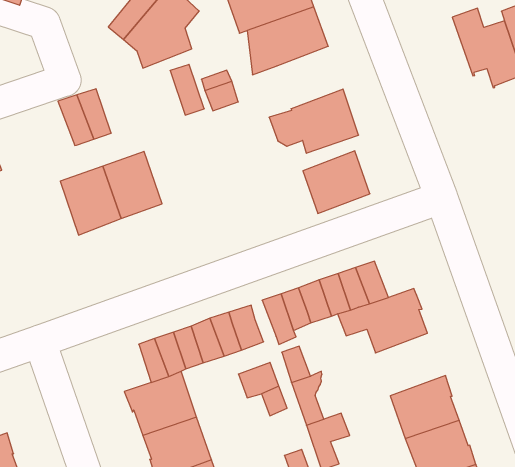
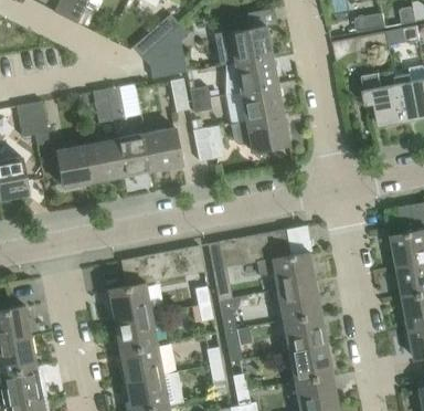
building: none -> [193,126,221,161]
building: none -> [145,128,182,170]
building: [303,151,370,213] -> [241,83,283,120]
building: none -> [56,145,93,188]
building: none -> [277,283,321,320]

